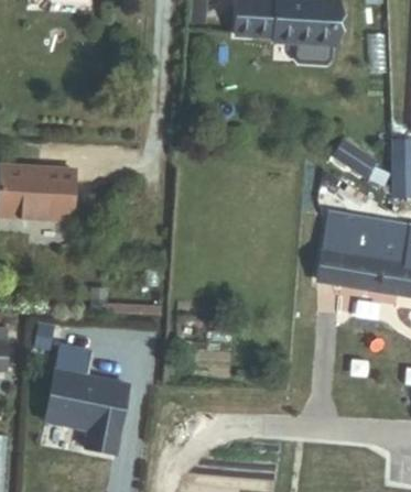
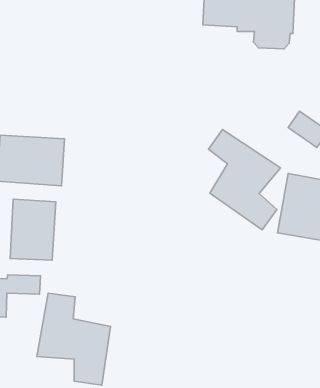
building: none -> [208,130,281,230]
building: none -> [10,199,56,260]

